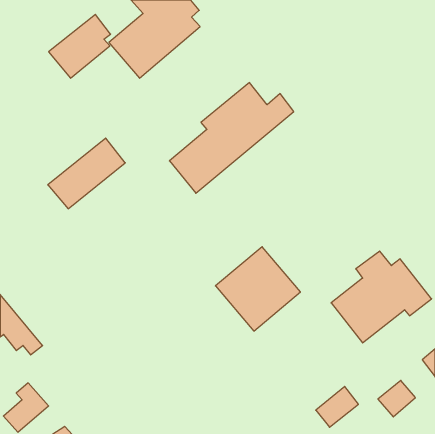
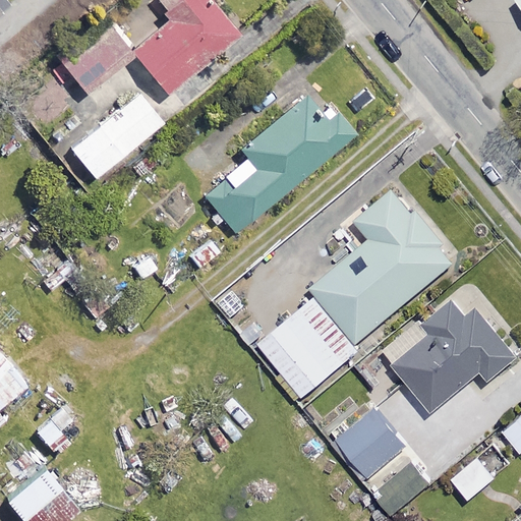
building: [48,138,125,209] -> [69,94,162,178]
building: none -> [314,187,456,341]
building: none -> [331,408,405,480]

